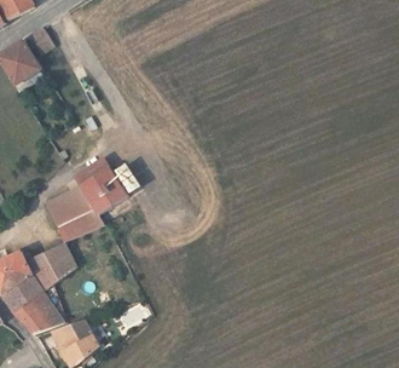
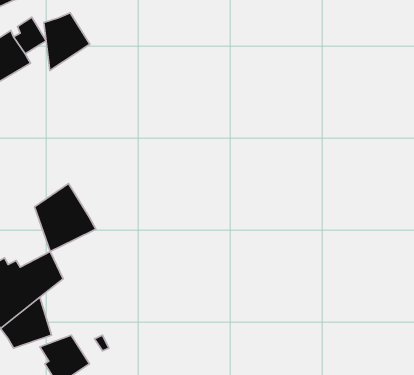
building: none -> [44,13,90,71]
building: [73,151,128,212] -> none

